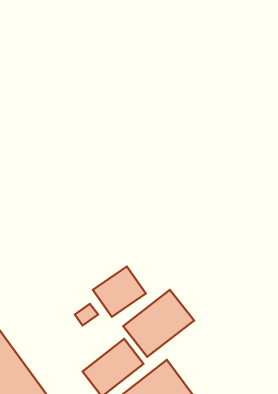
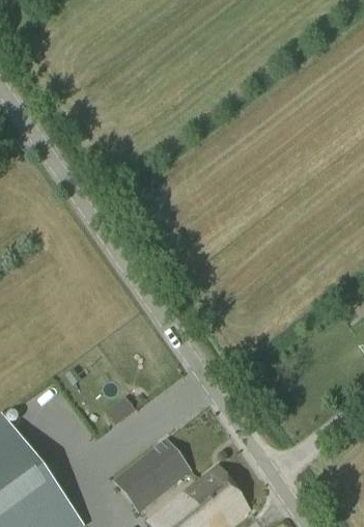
building: [93,266,146,317] -> none
building: [123,290,194,357] -> none

